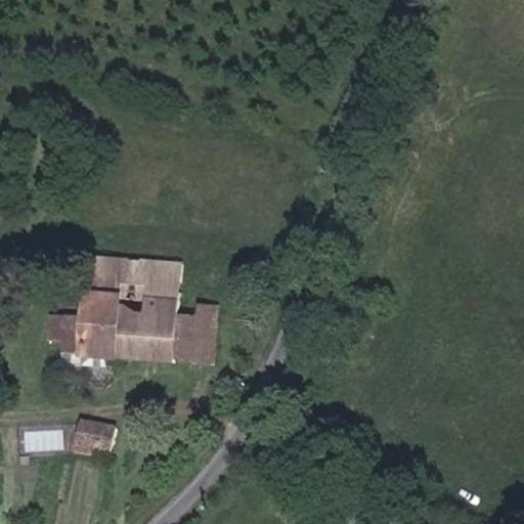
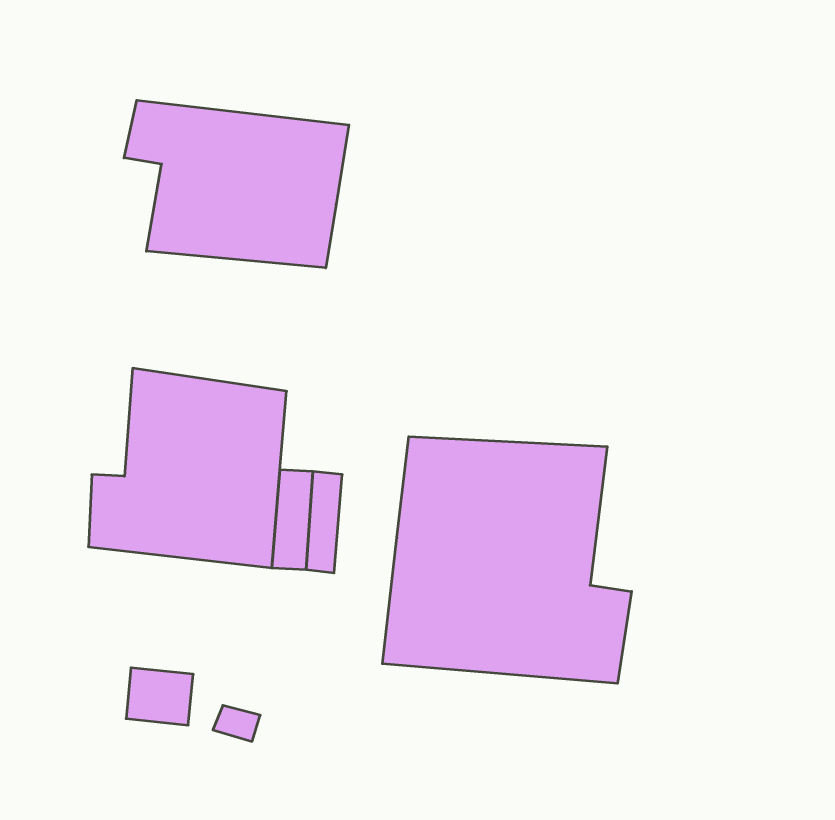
building: none -> [124,100,349,268]
building: none -> [382,437,632,683]

